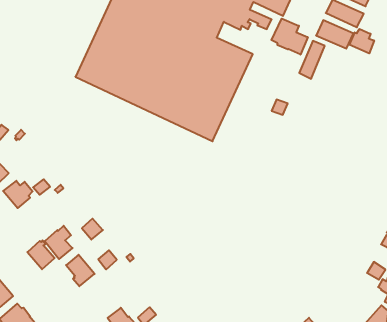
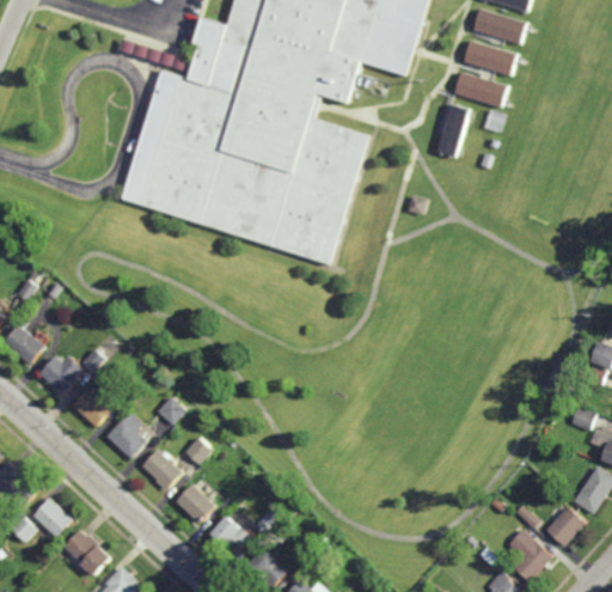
building: [271,19,308,55] -> none
building: [350,29,374,53] -> none
building: [27,240,55,269] -> [72,386,111,427]
building: none -> [177,484,218,525]

